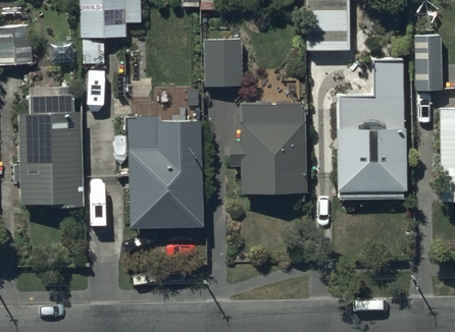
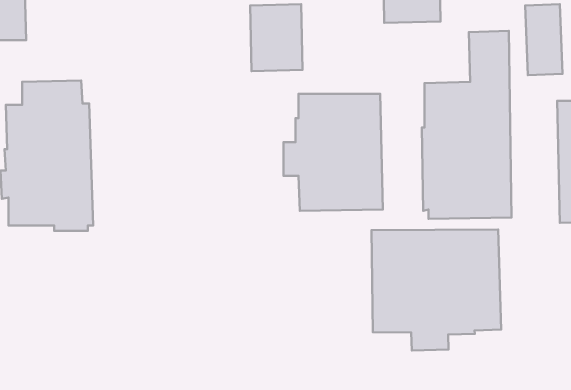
building: [130,115,205,229] -> none
building: none -> [371,229,501,351]

